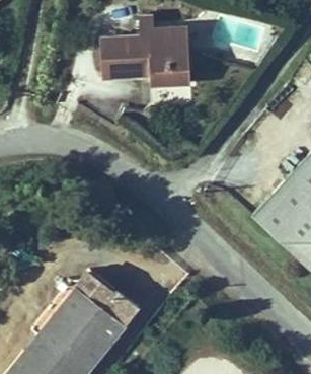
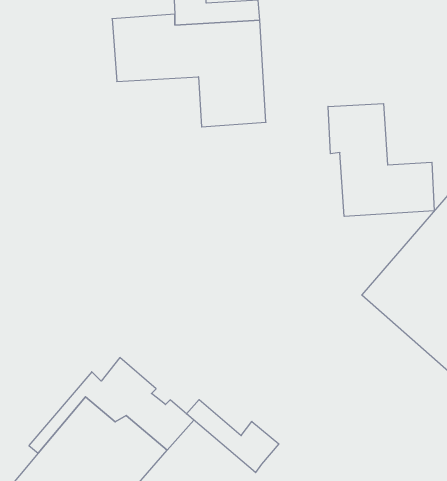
building: none -> [328,104,434,216]
building: none -> [186,400,279,473]

